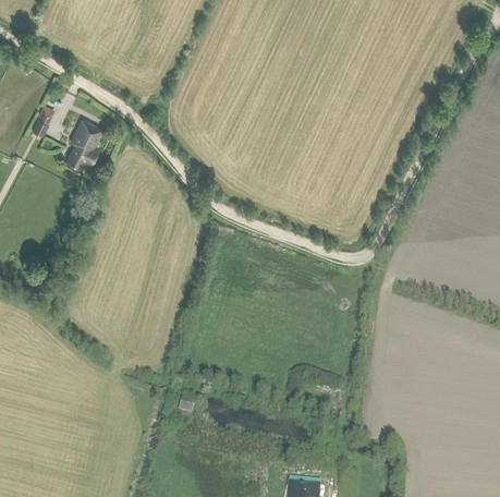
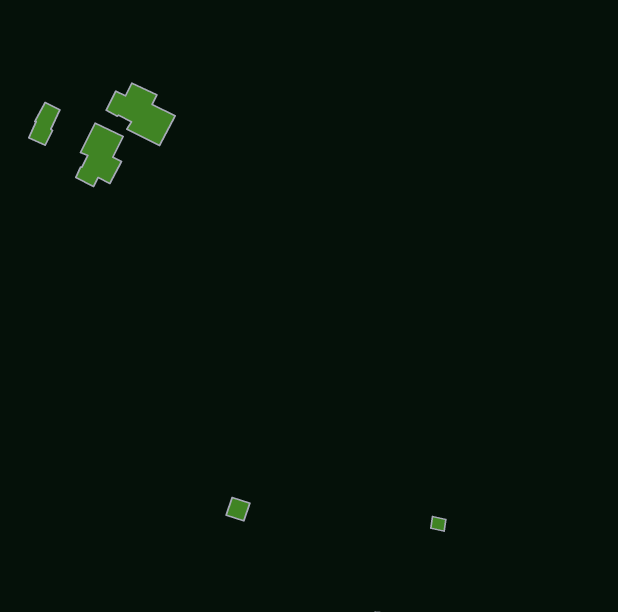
building: none -> [106,83,175,145]

